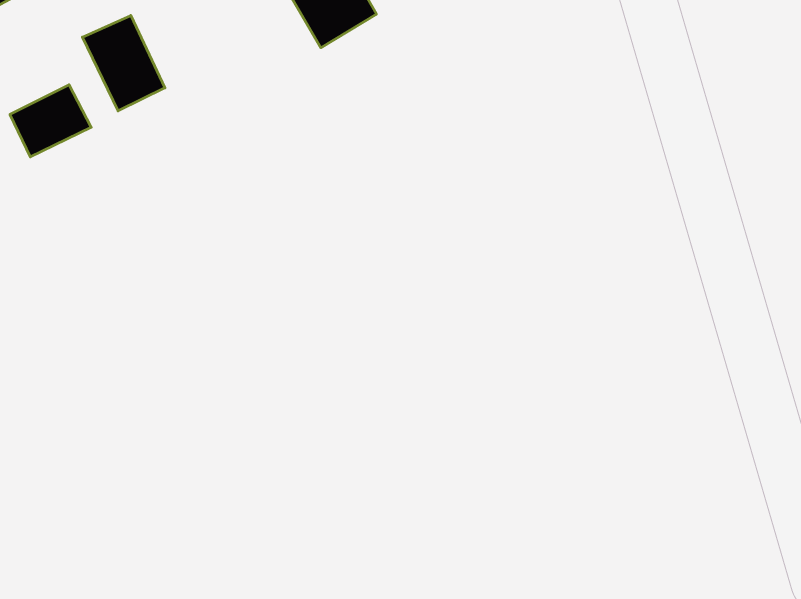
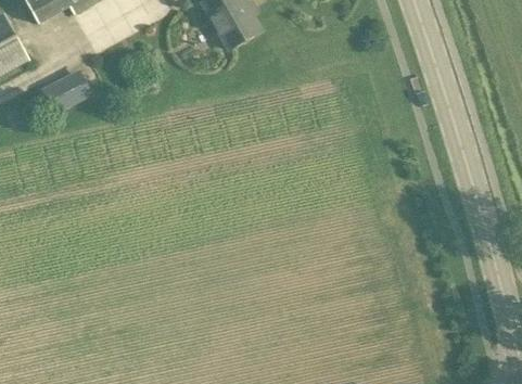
building: [82,15,165,111] -> none

